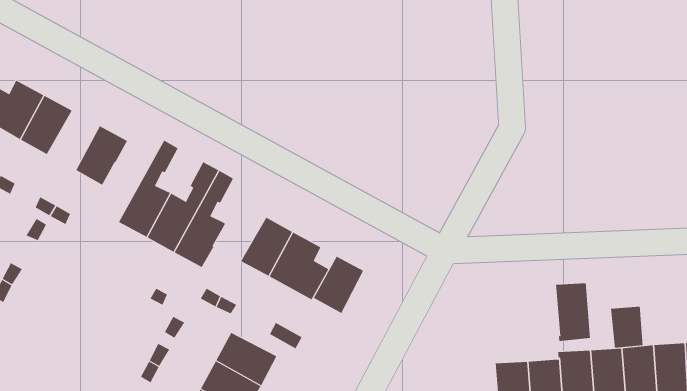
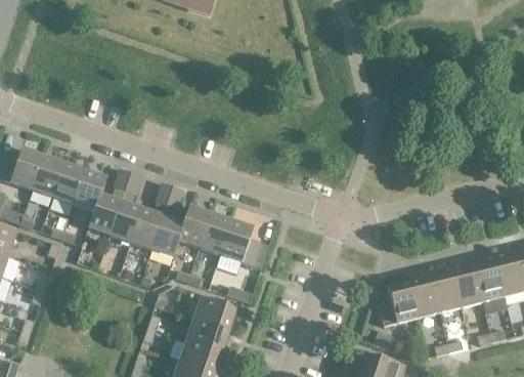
building: none -> [52,163,85,204]
building: none -> [88,168,131,235]
building: none -> [178,206,211,247]
building: [313,256,364,314] -> none
building: [556,283,591,342] -> none
building: [610,306,643,348] -> none

